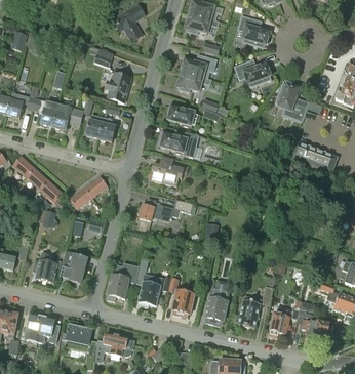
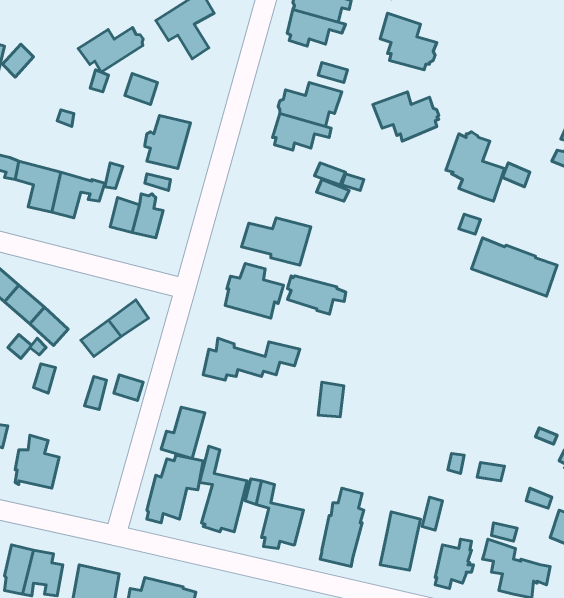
building: none -> [78,27,143,72]
building: [167,106,200,127] -> [288,276,346,314]
building: [63,254,87,283] -> [161,407,205,458]

